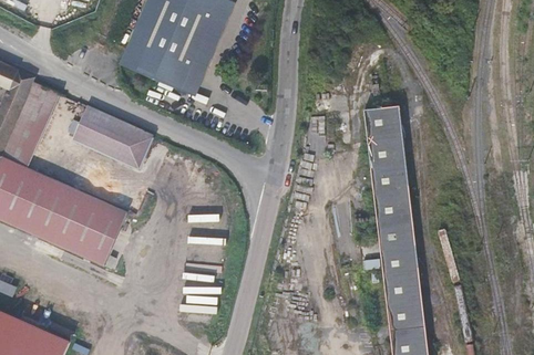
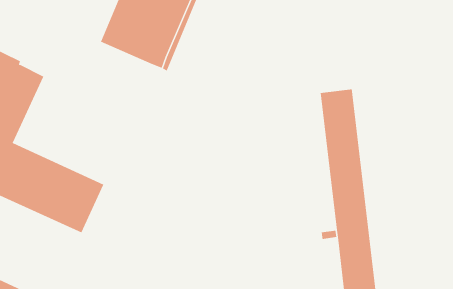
building: [74,107,156,170] -> none

